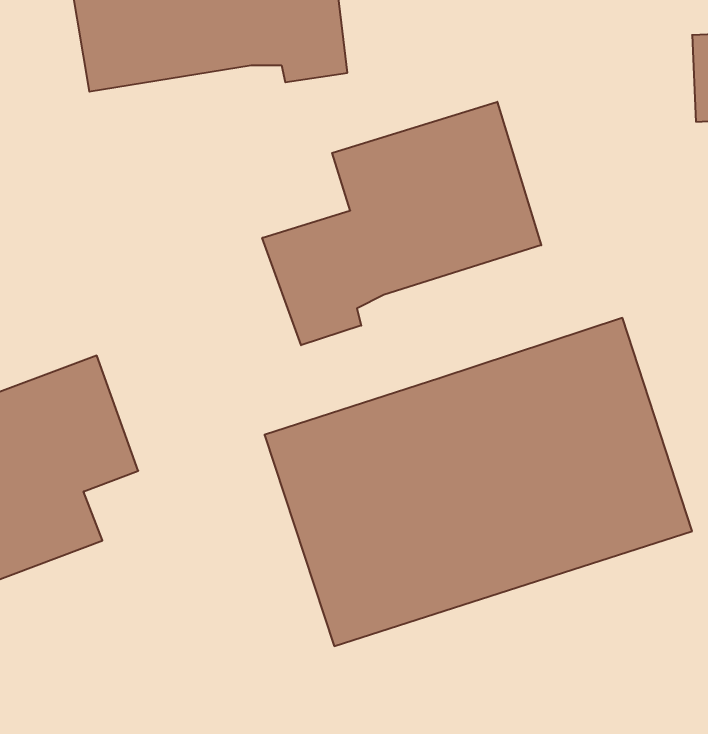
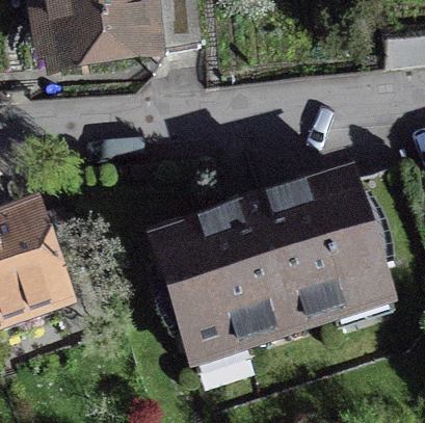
building: [262,102,541,345] -> none

